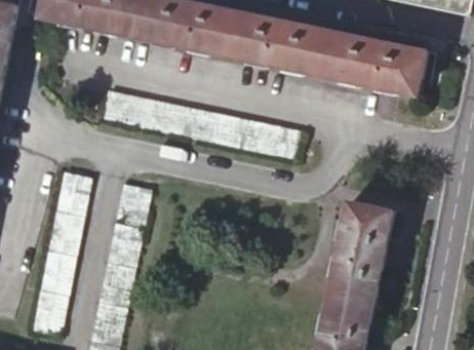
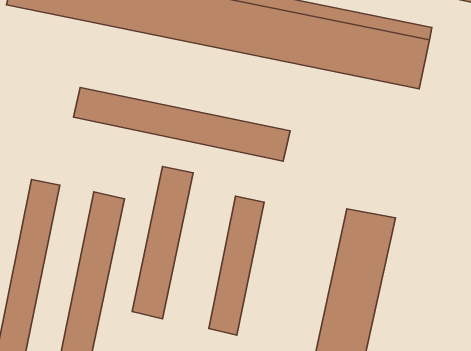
building: none -> [132,166,193,319]
building: none -> [209,196,264,335]

